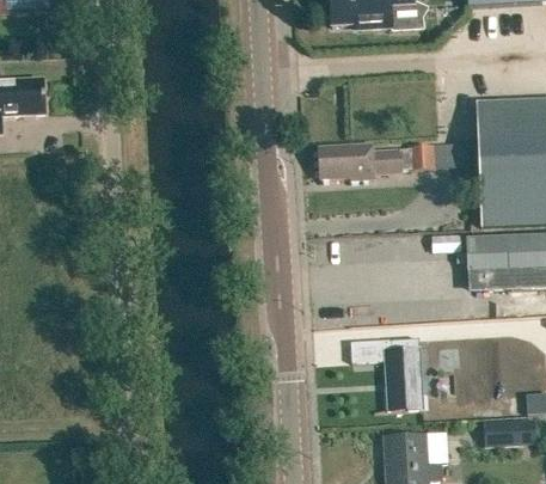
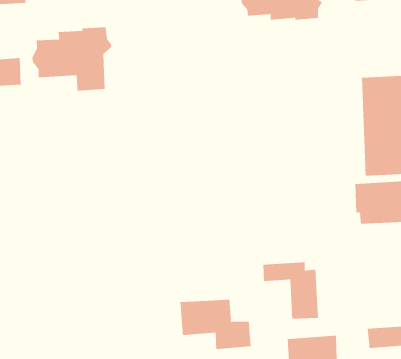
building: none -> [32,26,112,91]
building: [318,142,435,179] -> none
building: none -> [180,299,251,350]

